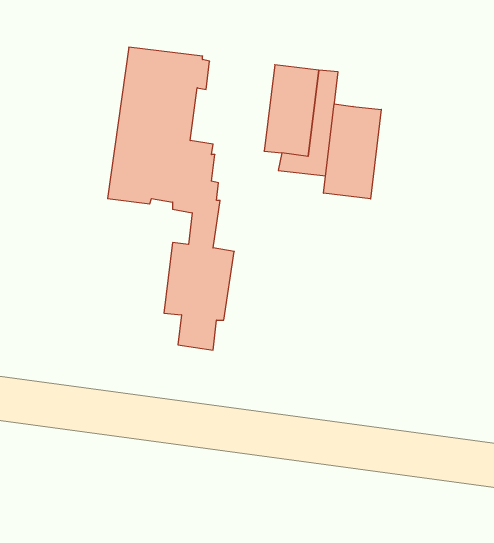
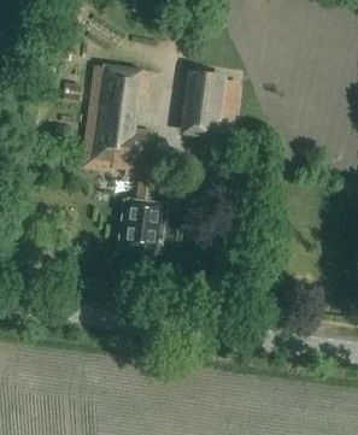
building: [324,104,381,199] -> none

